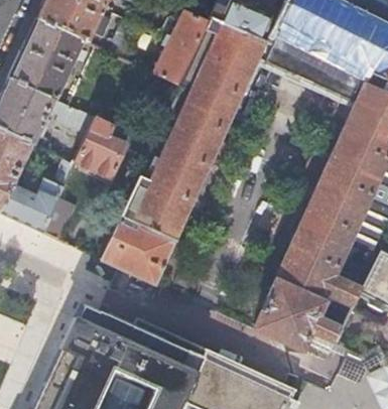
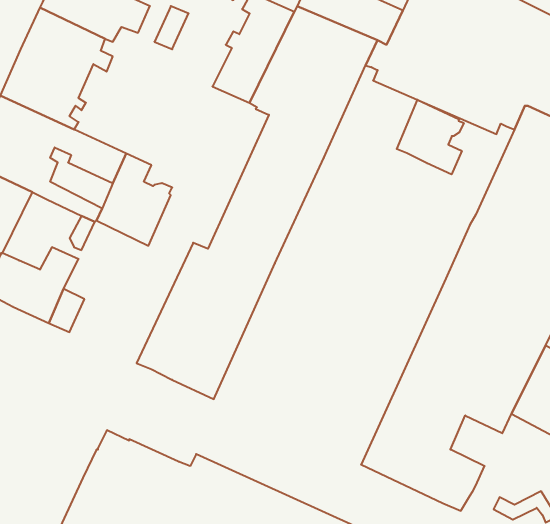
building: none -> [397,100,464,174]

